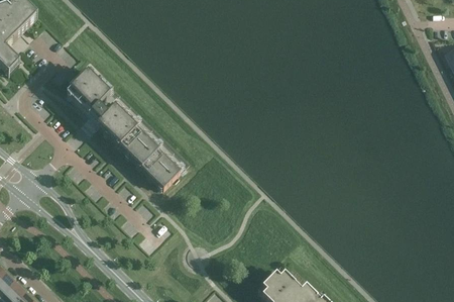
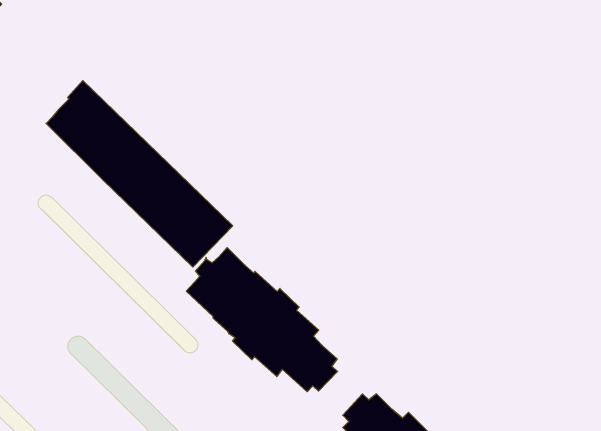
building: none -> [186,248,338,392]

